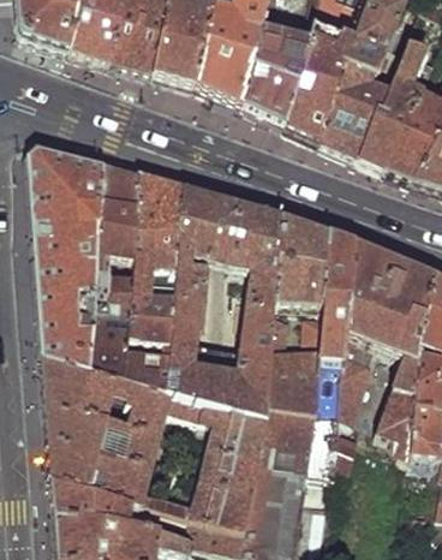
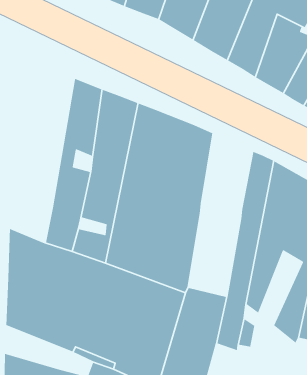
building: [30,143,104,368] -> none
building: [275,212,330,300] -> none
building: [270,311,324,409] -> none
building: [54,473,132,519] -> none

